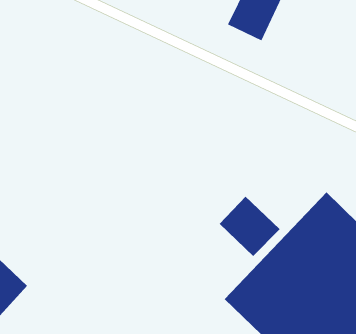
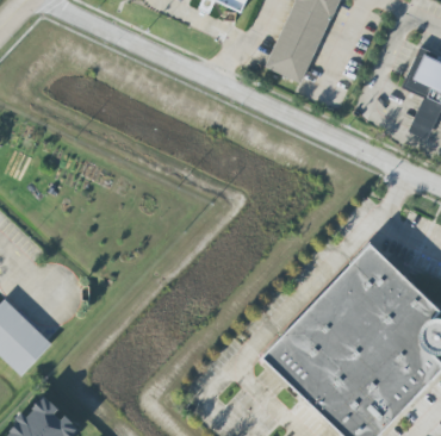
building: [219,196,281,257] -> none

